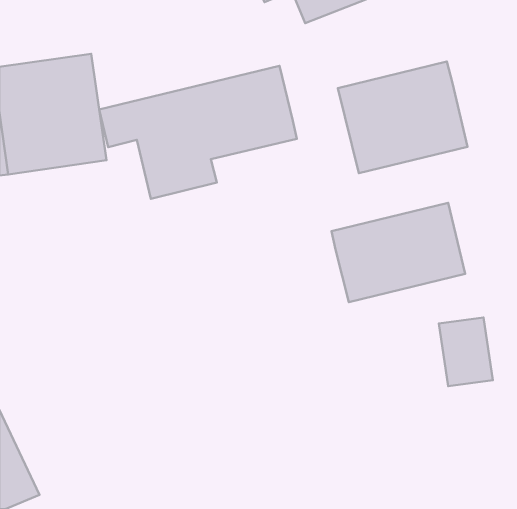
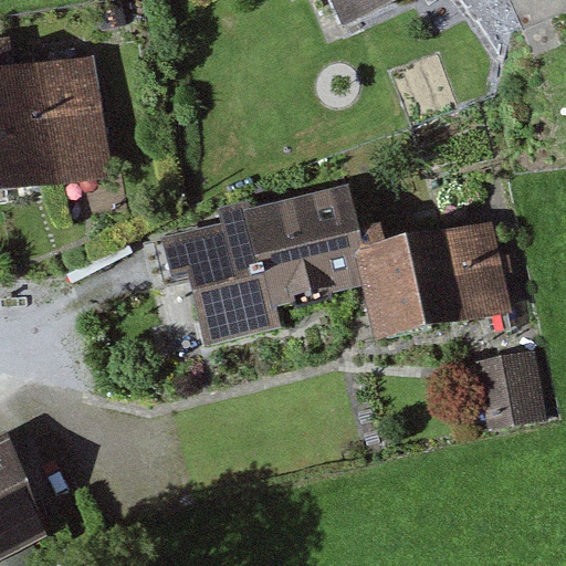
building: [338,62,468,173] -> none
building: [99,66,297,199] -> [150,192,366,337]

